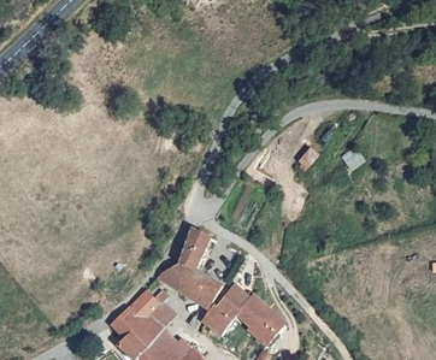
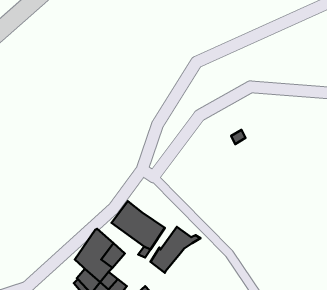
building: [175,222,207,264] -> none
building: [236,294,287,343] -> none

